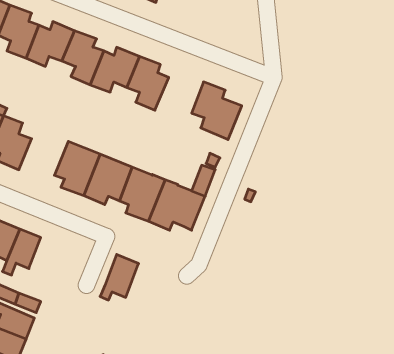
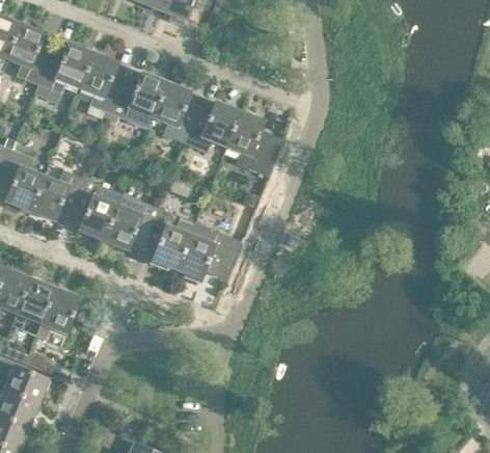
building: none -> [184,101,239,152]
building: none -> [29,170,85,220]
building: [100,254,139,300] -> [35,288,79,340]

